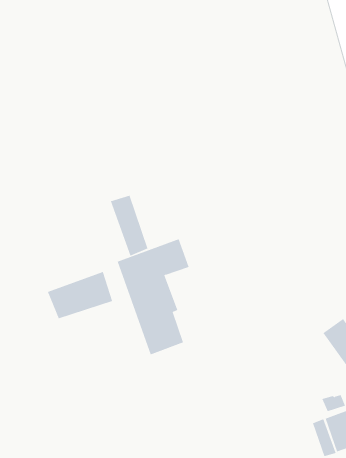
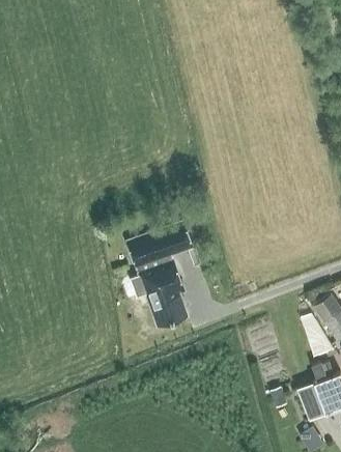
building: [110,195,148,256] -> none
building: [47,271,113,319] -> none

